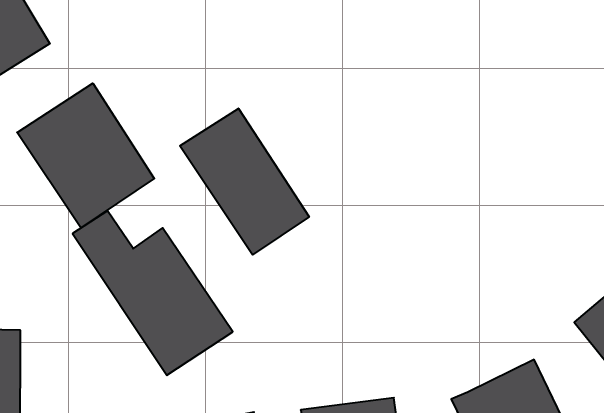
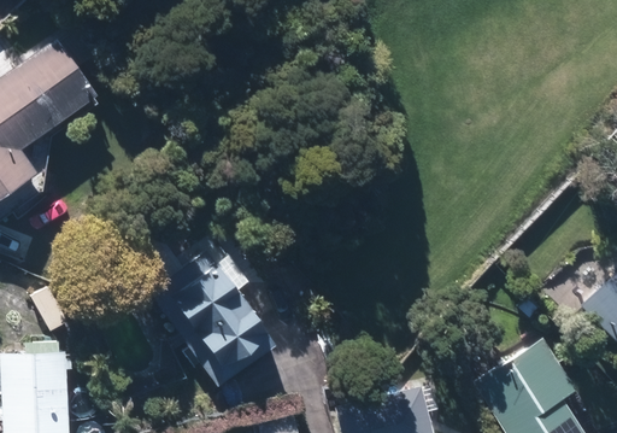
building: [17,83,154,228] -> none
building: [180,108,309,255] -> none

